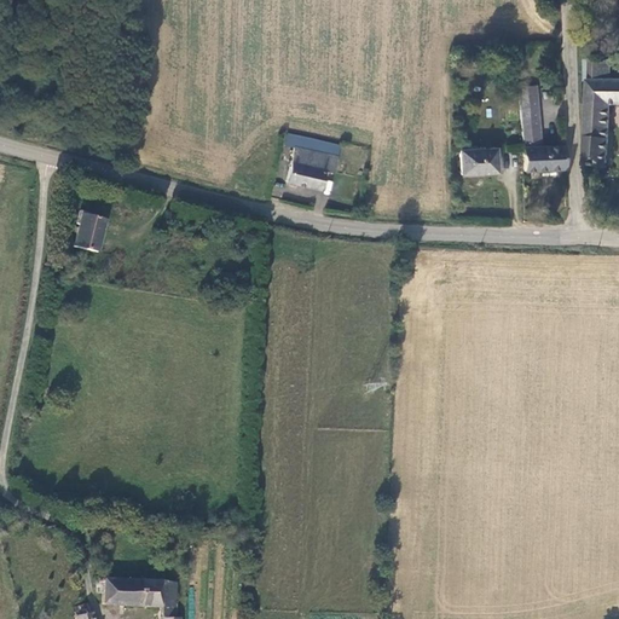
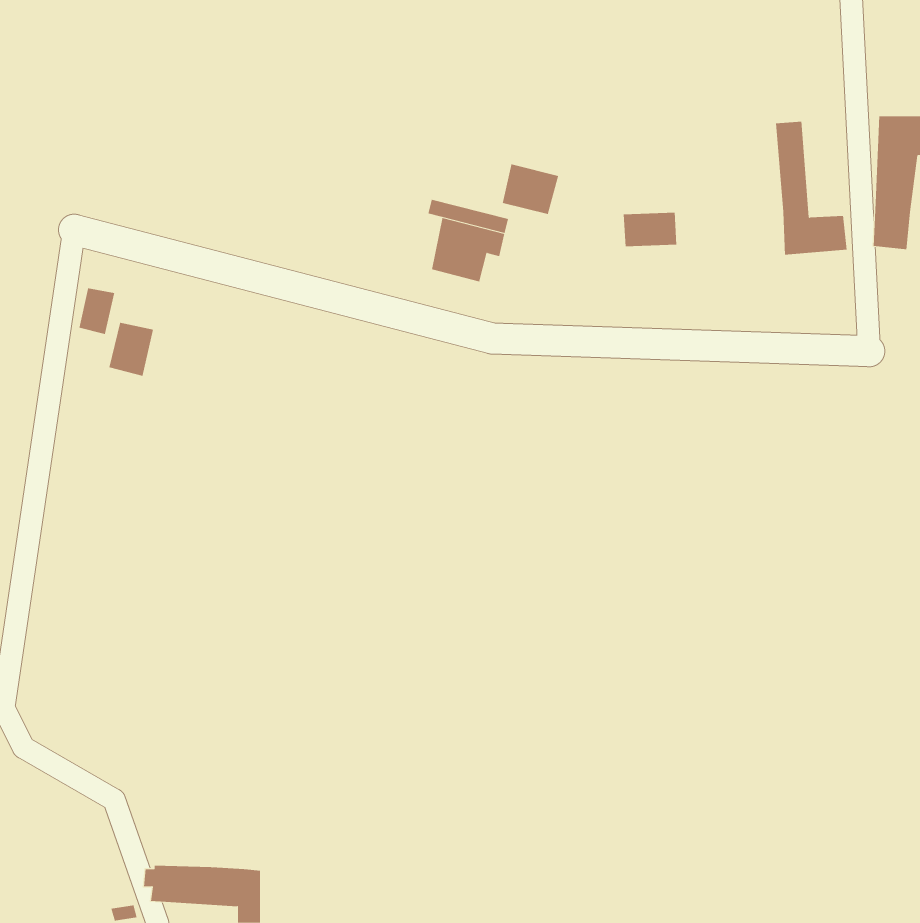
building: none -> [502,163,559,215]
building: [463,149,499,172] -> [623,212,677,247]
building: none -> [79,287,115,335]

